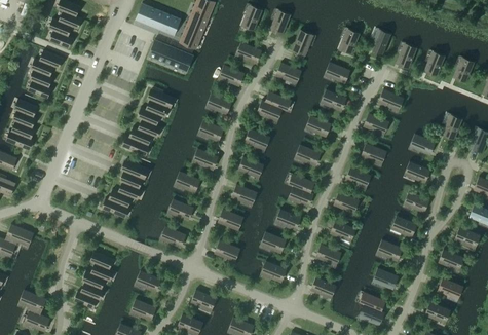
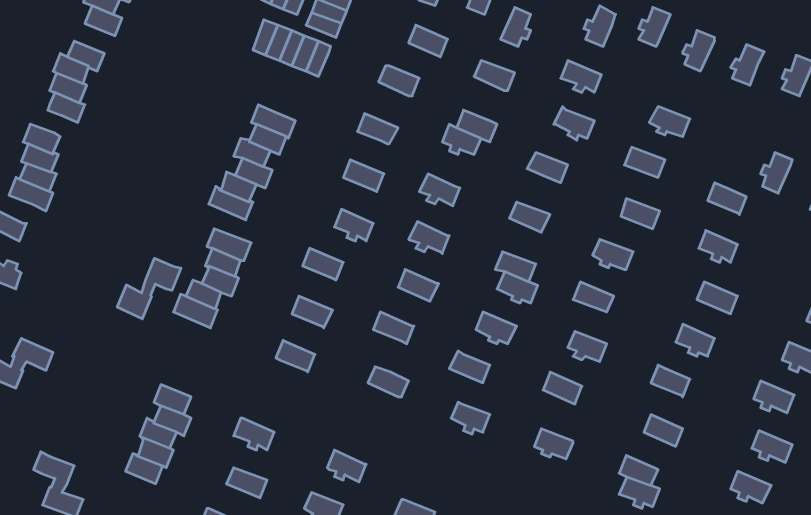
building: none -> [117,258,181,319]

